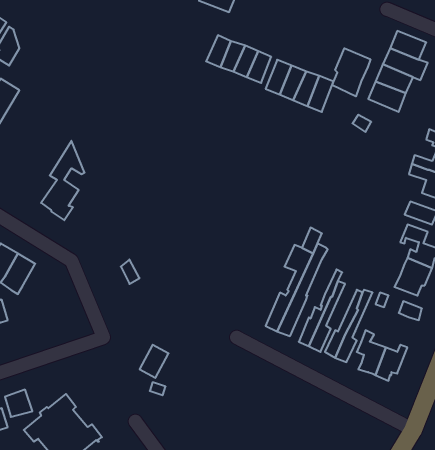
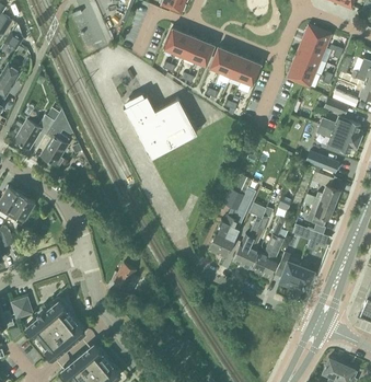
building: [332,48,370,96] -> none
building: none -> [124,93,198,159]
building: none -> [14,115,55,149]

